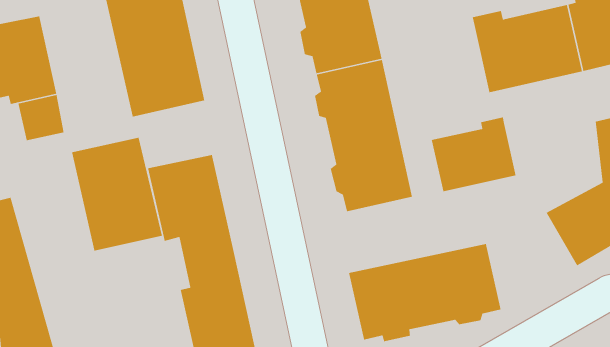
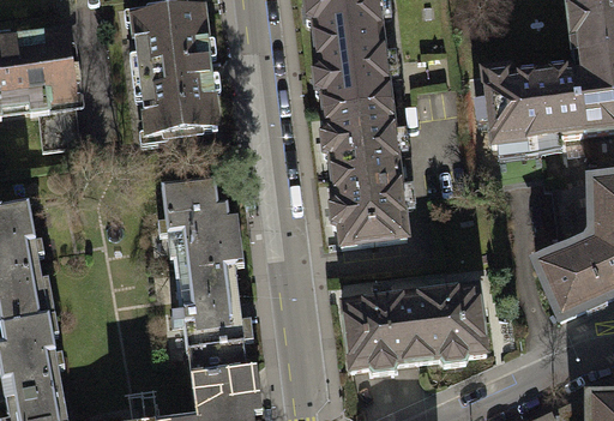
building: [431,117,517,192] -> none
building: [71,137,163,252] -> none

